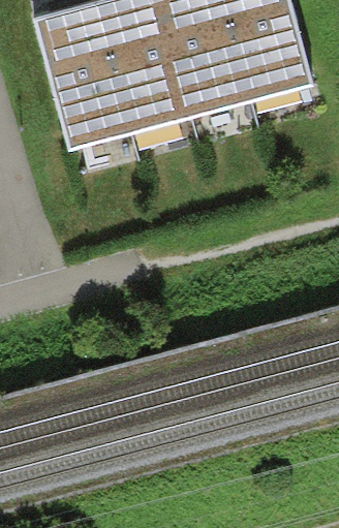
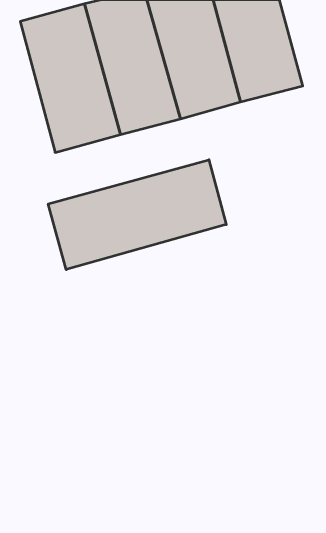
building: none -> [48,160,226,270]

